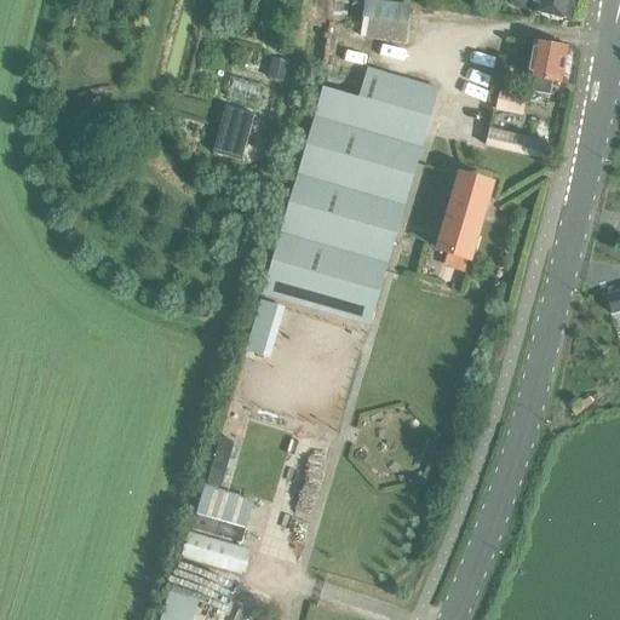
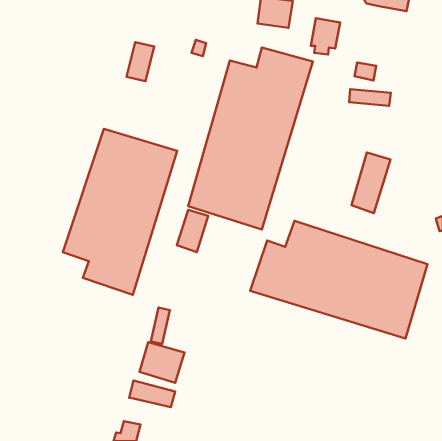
building: [527,38,568,88] -> [311,18,340,55]
building: [219,101,258,155] -> [126,42,154,81]
building: [438,172,493,257] -> [351,152,390,213]
building: none -> [63,129,177,295]
building: none -> [250,221,427,338]

